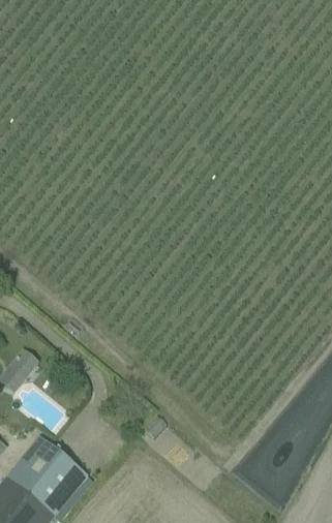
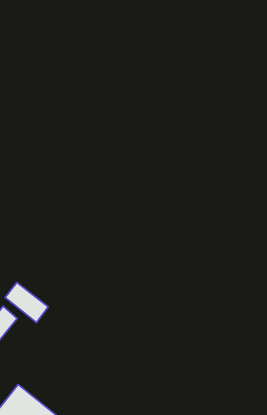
building: none -> [5,283,48,323]

